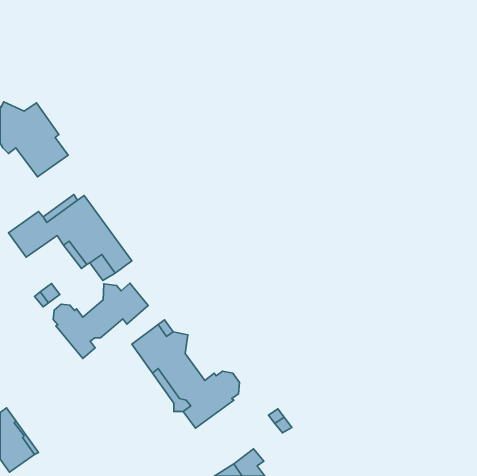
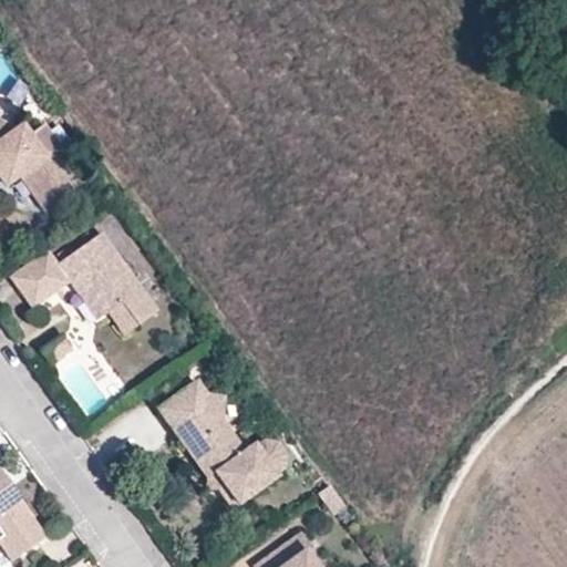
building: [53,283,148,358] -> none

